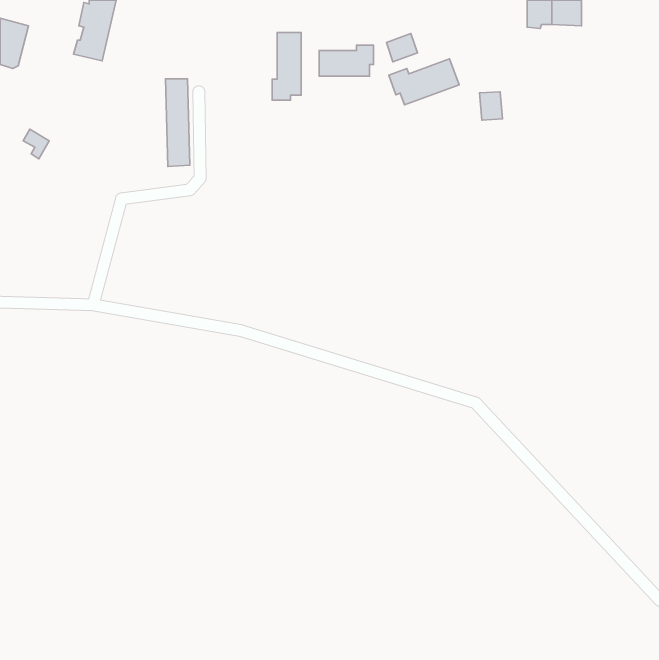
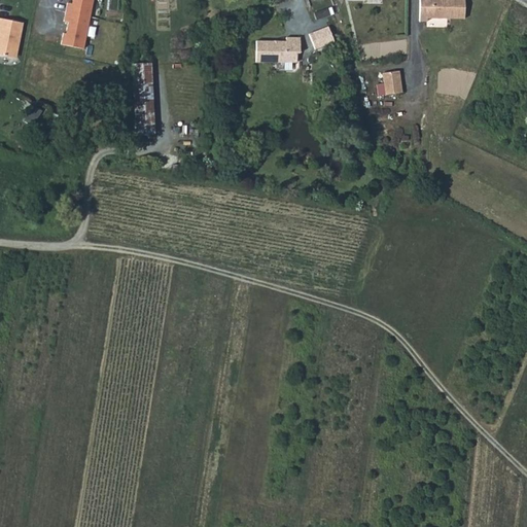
building: [272,32,301,100] -> none
building: [389,59,459,105] -> none

